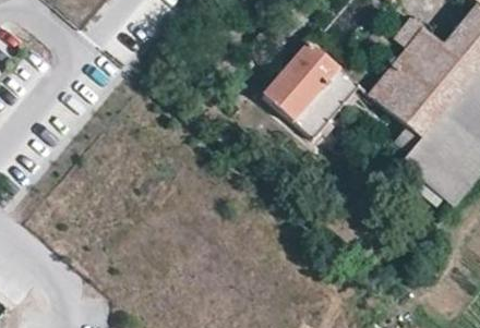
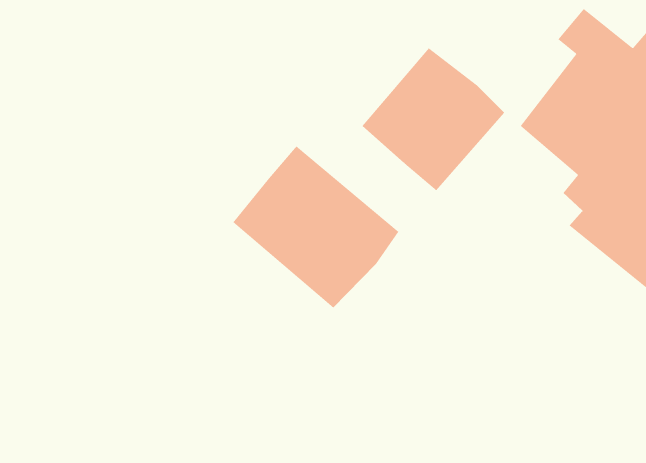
building: none -> [232,146,399,309]

